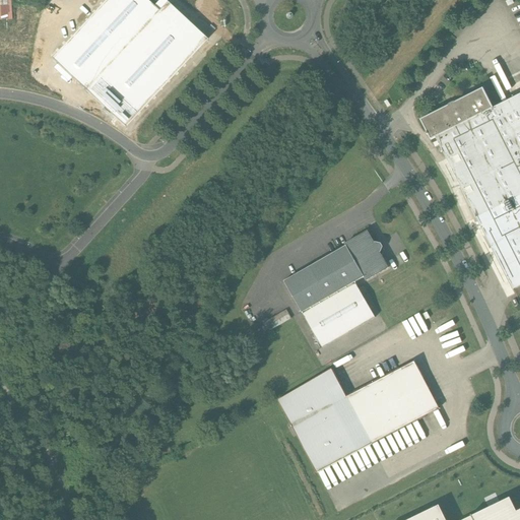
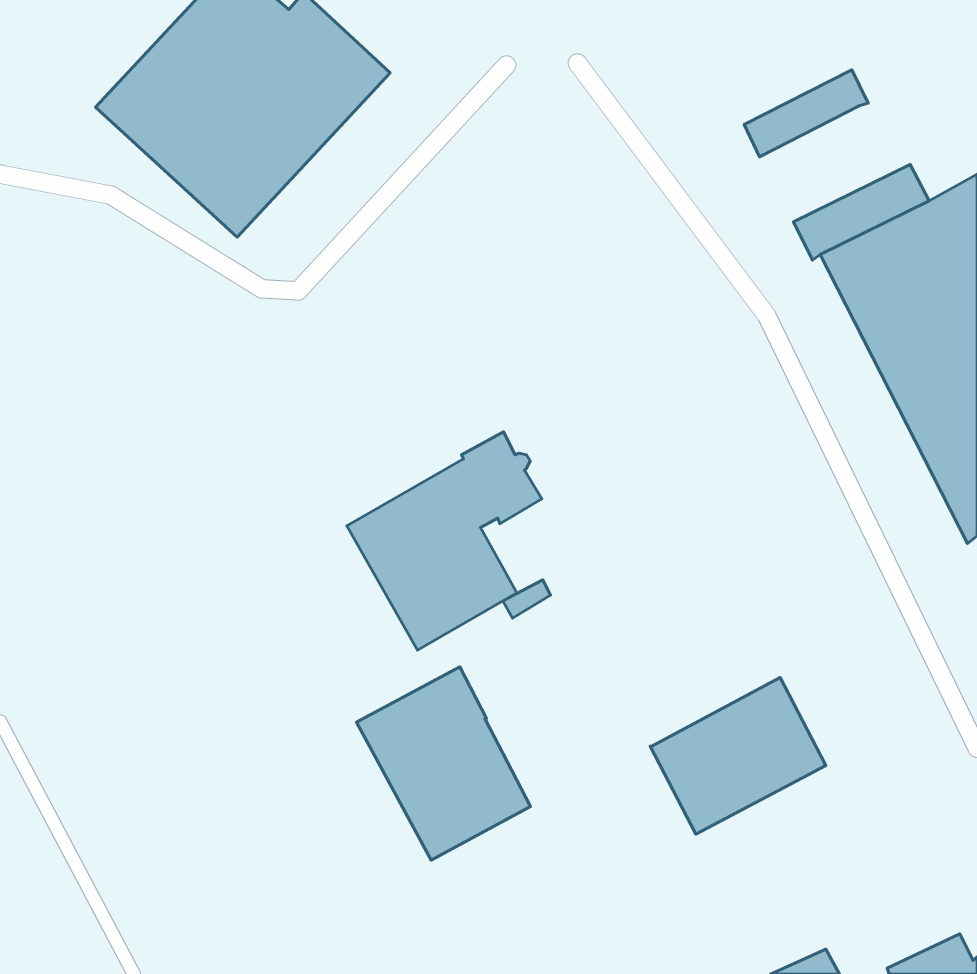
building: none -> [744,70,868,157]
building: [284,231,388,346] -> [347,432,542,650]
building: [277,369,370,471] -> [357,667,531,860]

